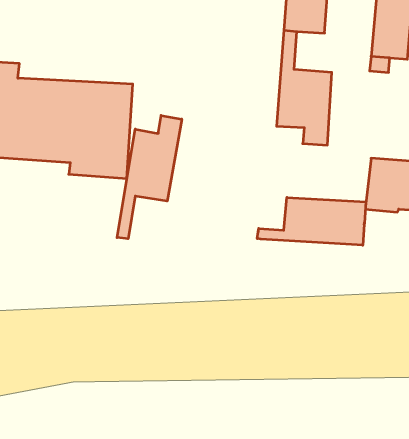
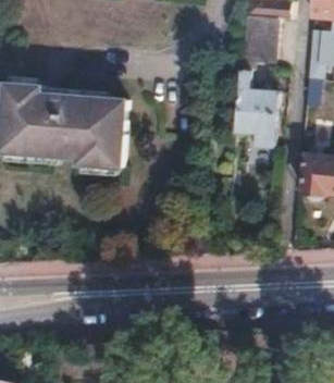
building: [117,115,182,239] -> none
building: [257,197,366,245] -> none

